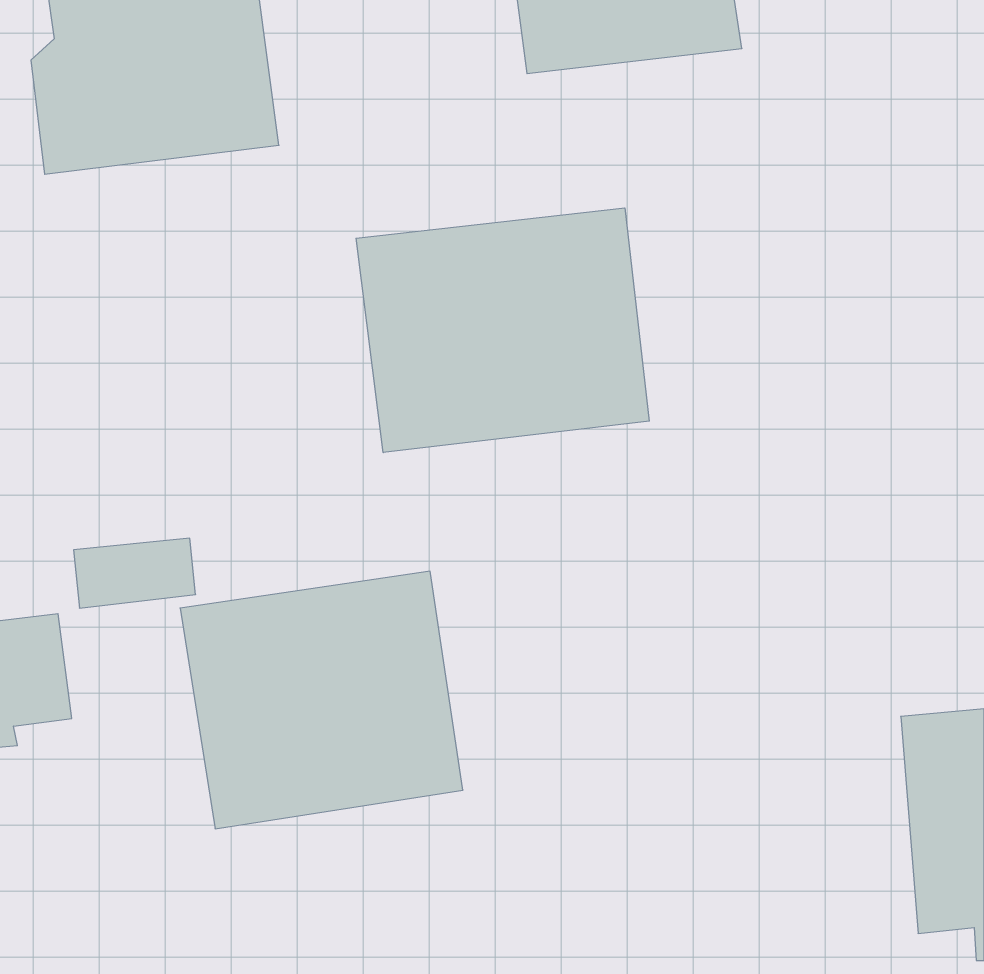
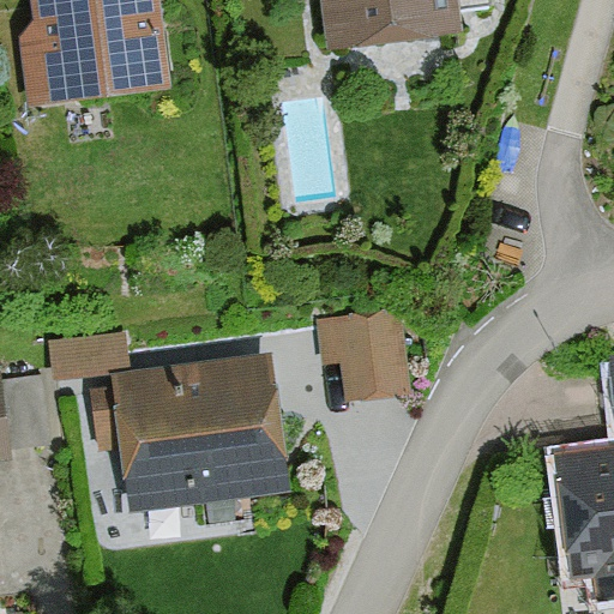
building: [356,208,649,453] -> none
building: none -> [309,307,399,397]

